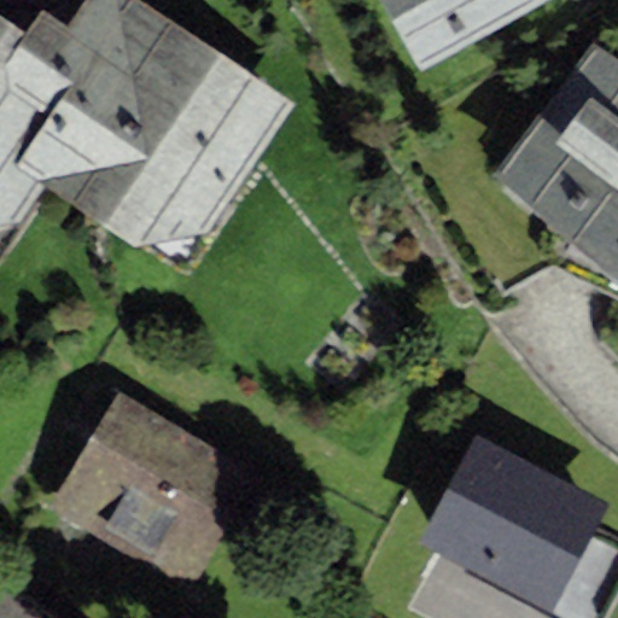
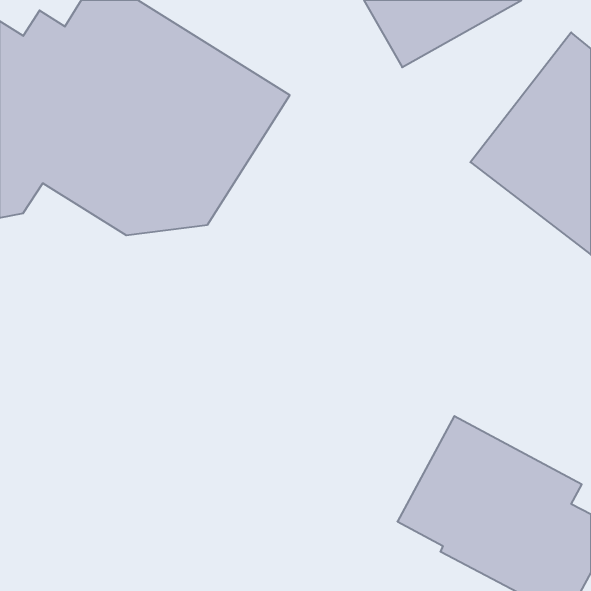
building: [49,393,258,593] -> none

